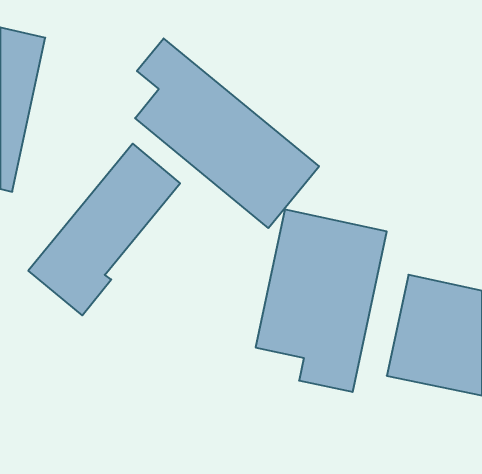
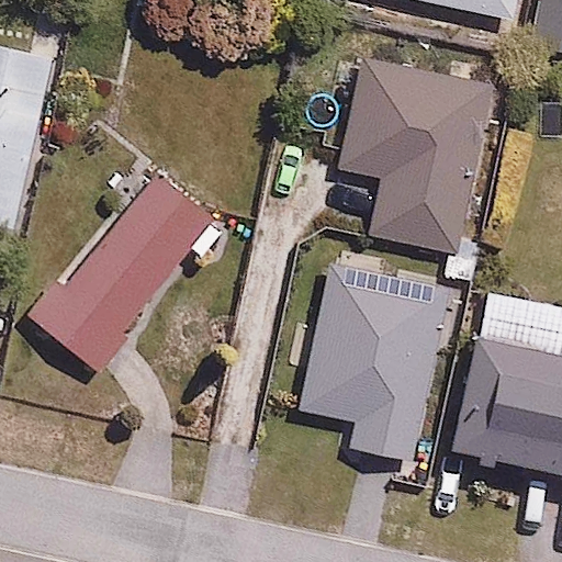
building: [135,38,319,228] -> none
building: none -> [342,60,492,254]

